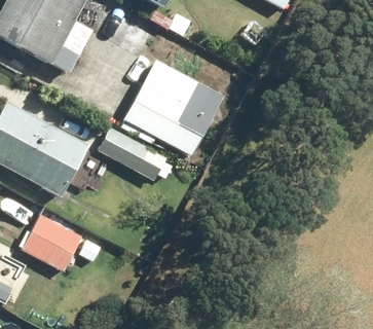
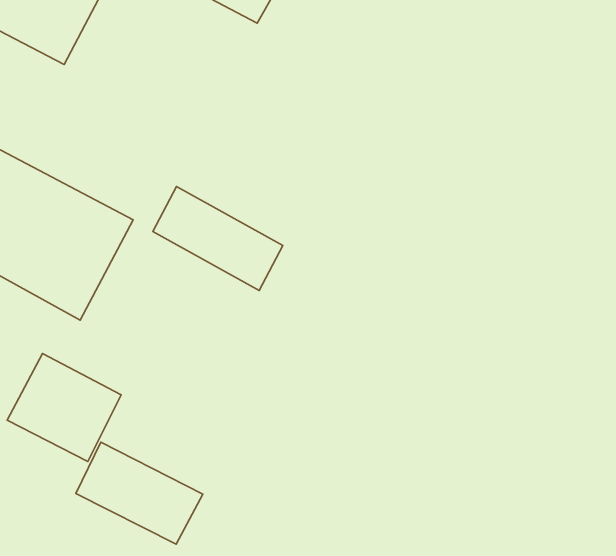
building: [120,59,223,155] -> none
building: none -> [76,442,203,544]

